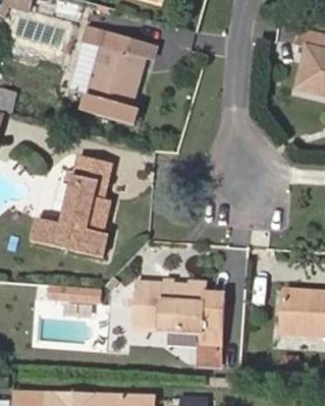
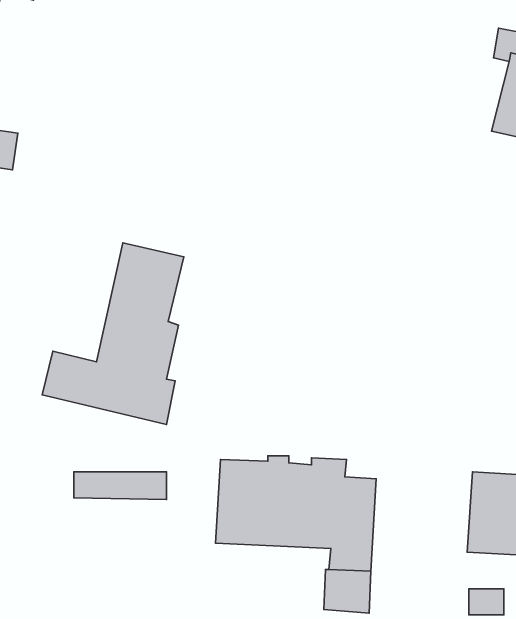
building: [67,24,157,125] -> none

